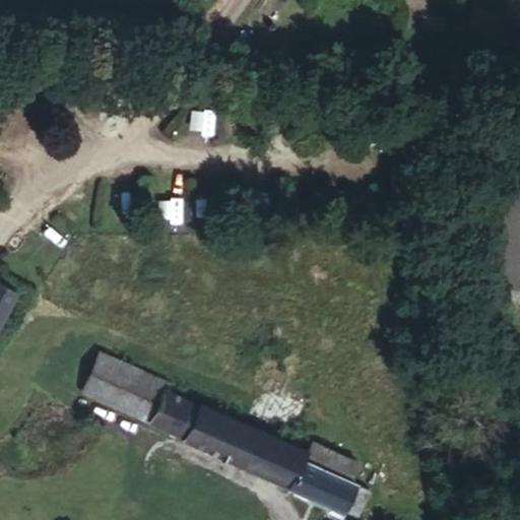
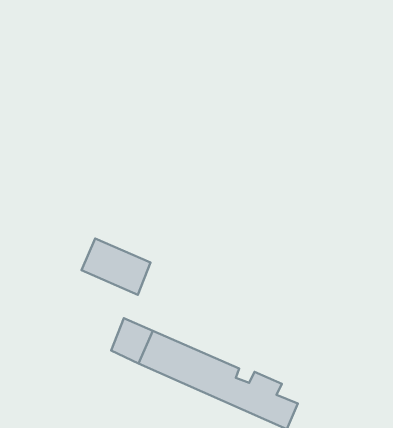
building: [81,359,164,426] -> [81,238,151,295]

